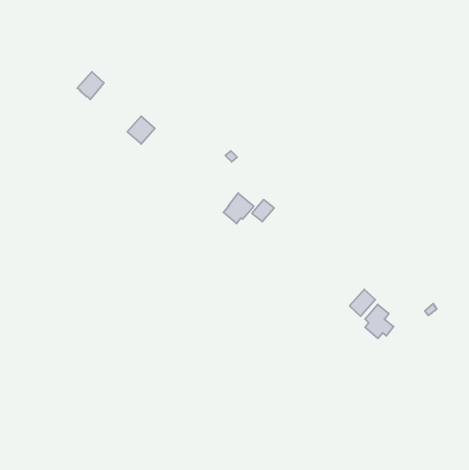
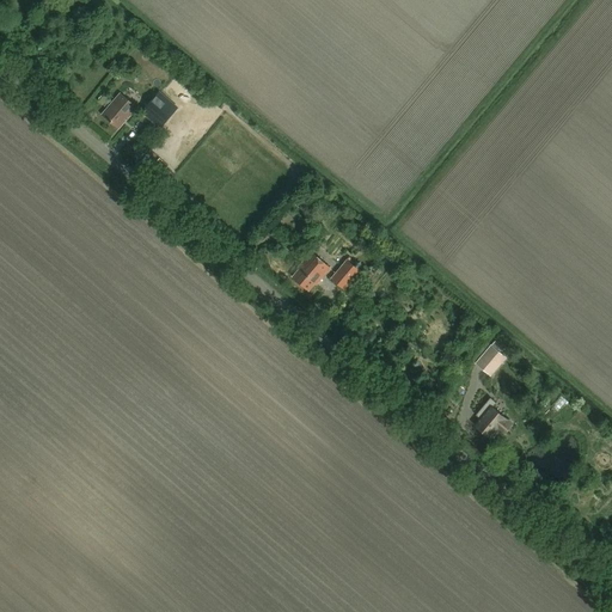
building: [127,116,155,144] -> [141,92,177,128]
building: [350,289,375,316] -> [475,342,508,377]

